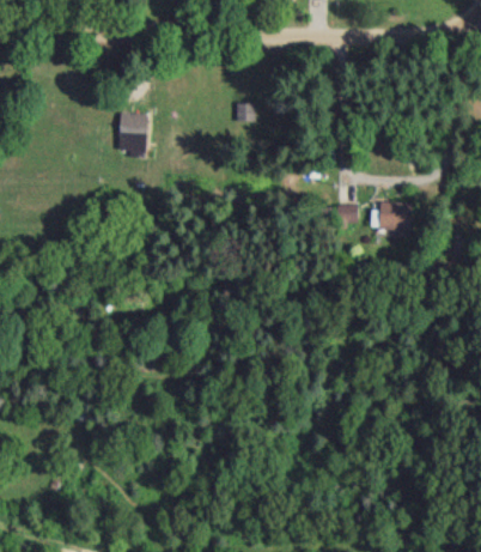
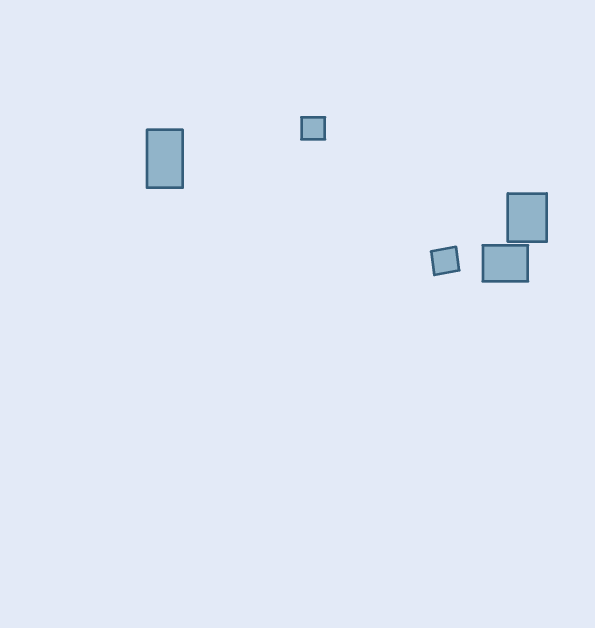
building: none -> [508,193,547,242]

